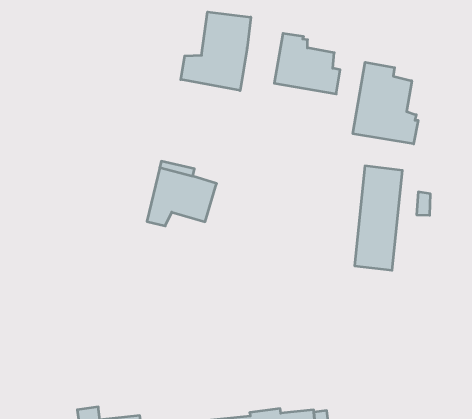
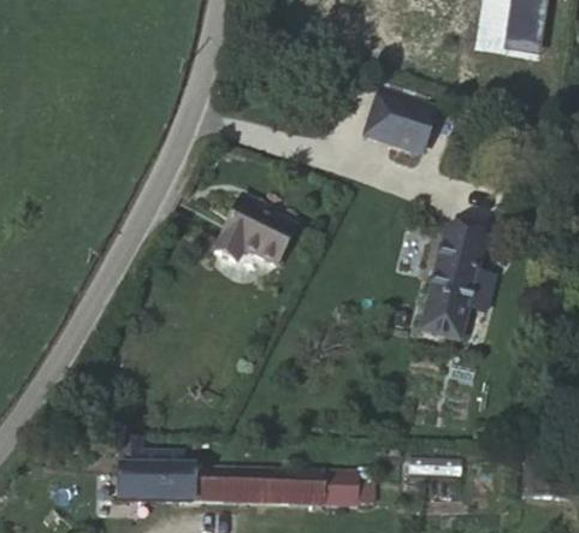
building: [181,12,251,91] -> none
building: [353,62,418,144] -> none

